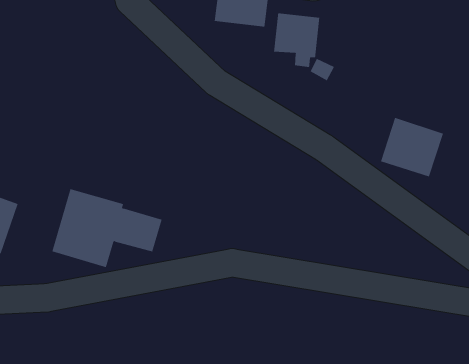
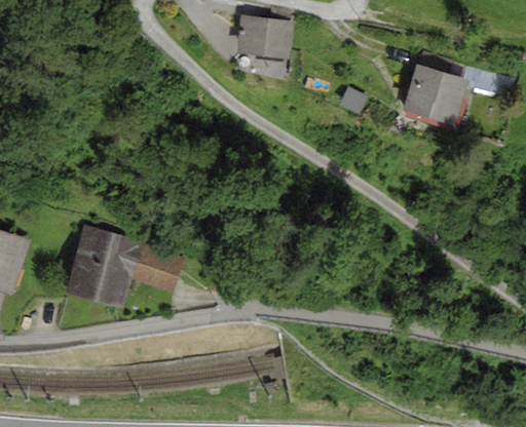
building: [274,12,320,68] -> none
building: [380,117,444,177] -> [402,61,469,124]

